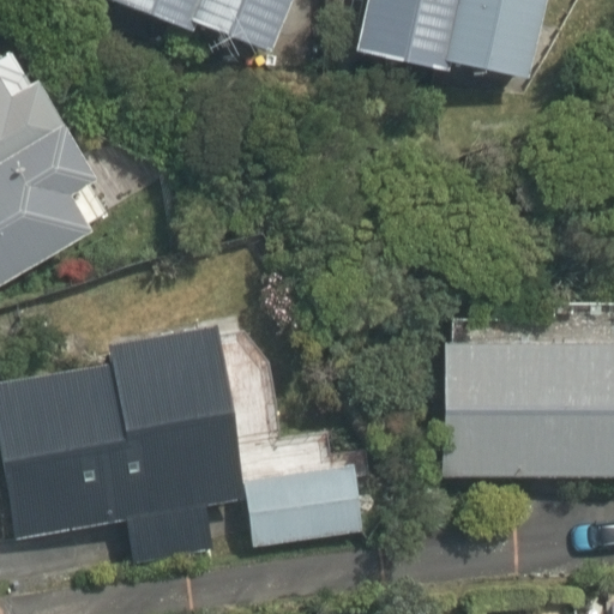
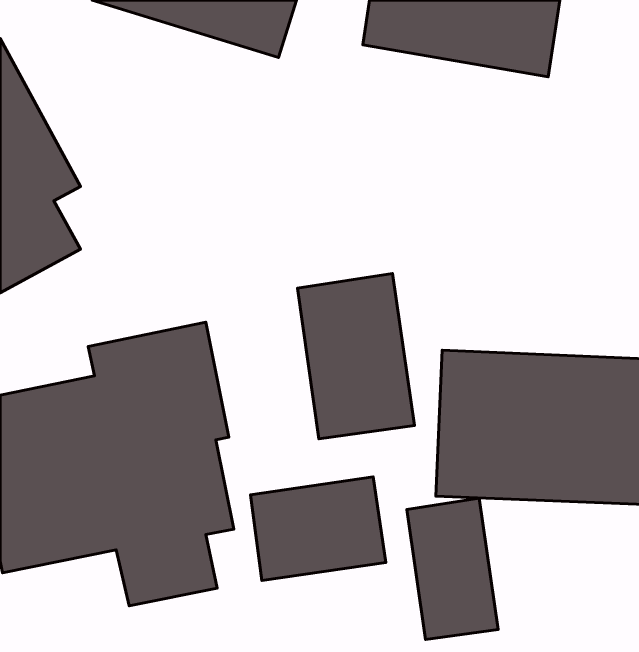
building: none -> [297,273,414,439]
building: none -> [407,498,498,640]

